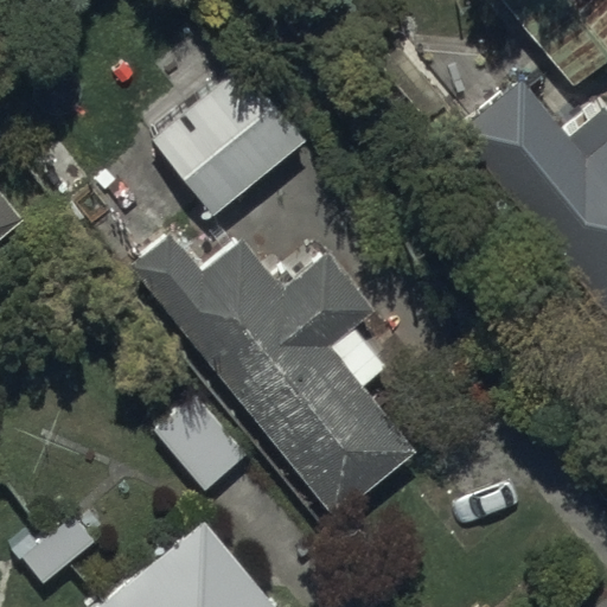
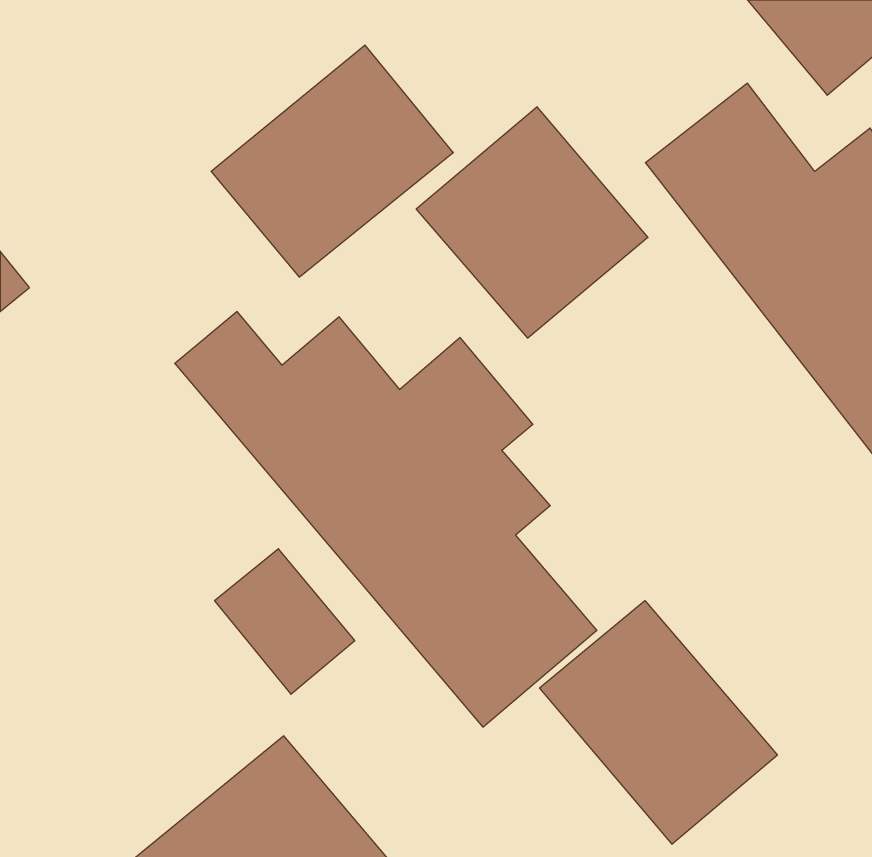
building: none -> [416,107,648,338]
building: none -> [540,601,777,844]

